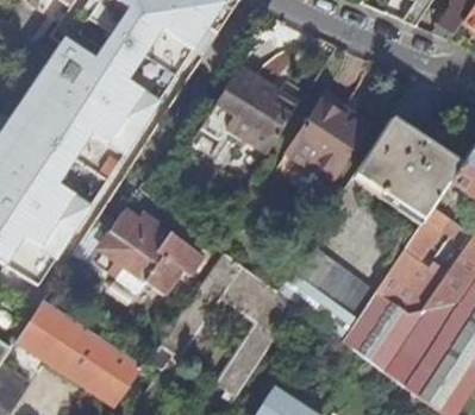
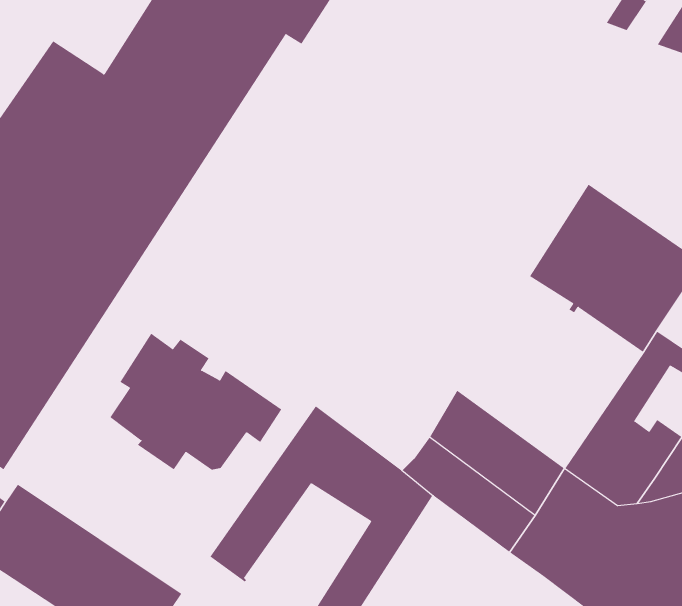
building: [201,67,306,153] -> none
building: [294,102,371,181] -> none

